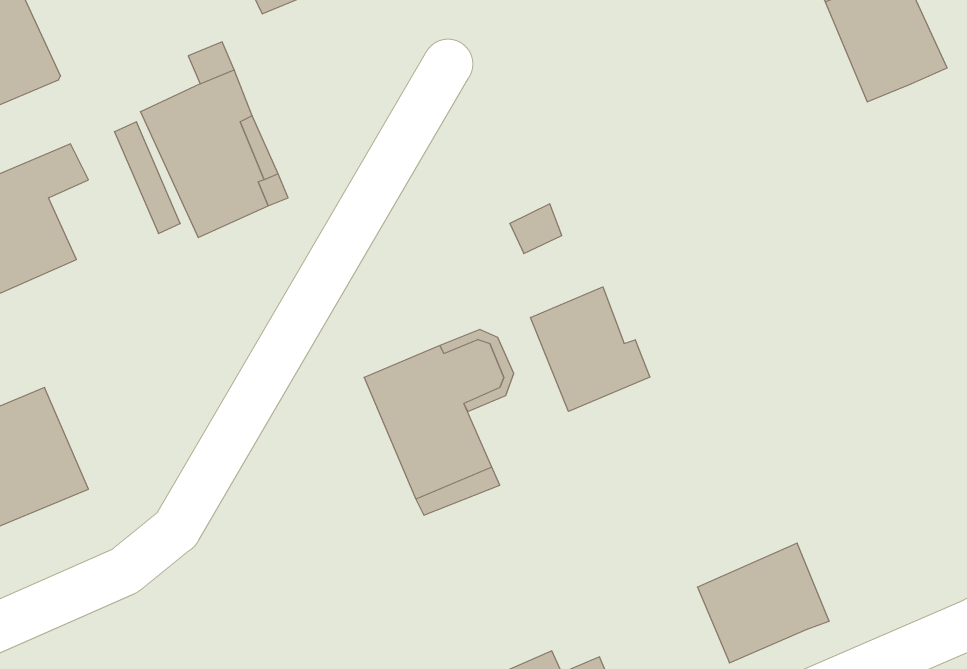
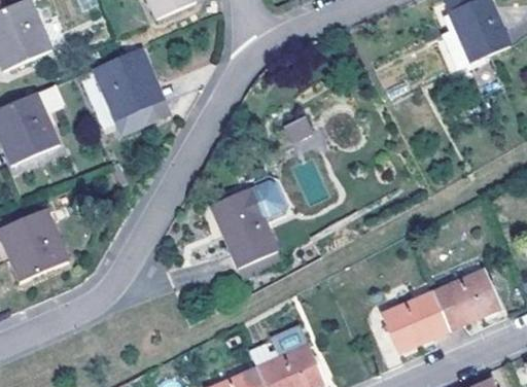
building: [531,287,650,411] -> none
building: none -> [433,269,499,329]

